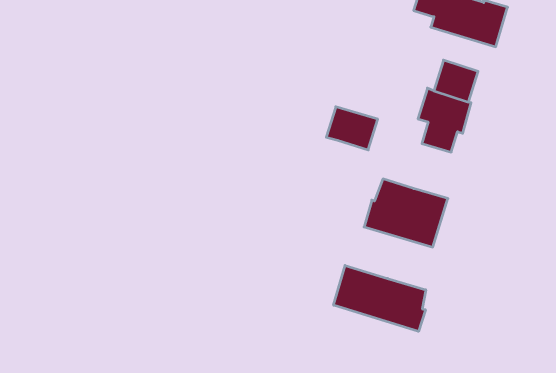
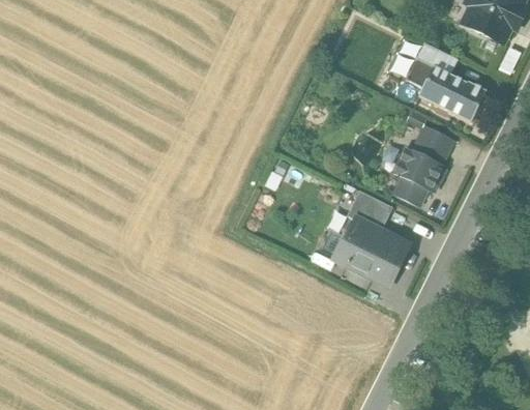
building: [326,107,378,150] -> [346,189,392,231]
building: [334,265,426,331] -> none

